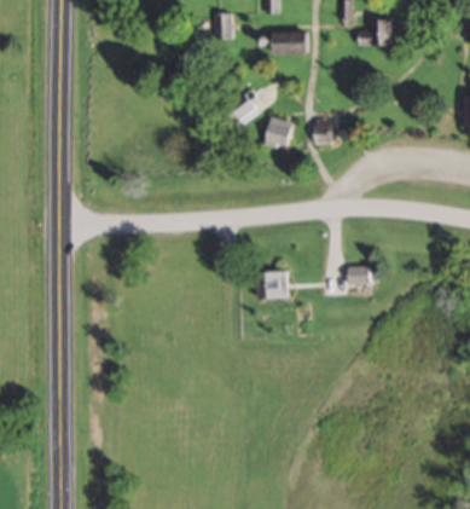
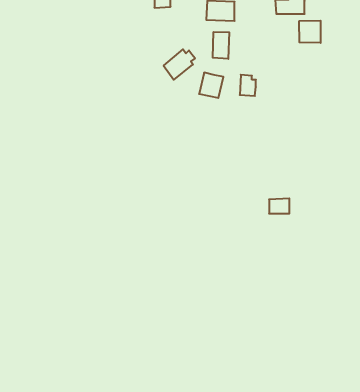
building: none -> [299,21,321,43]
building: none -> [213,32,229,59]
building: [260,271,291,299] -> none

